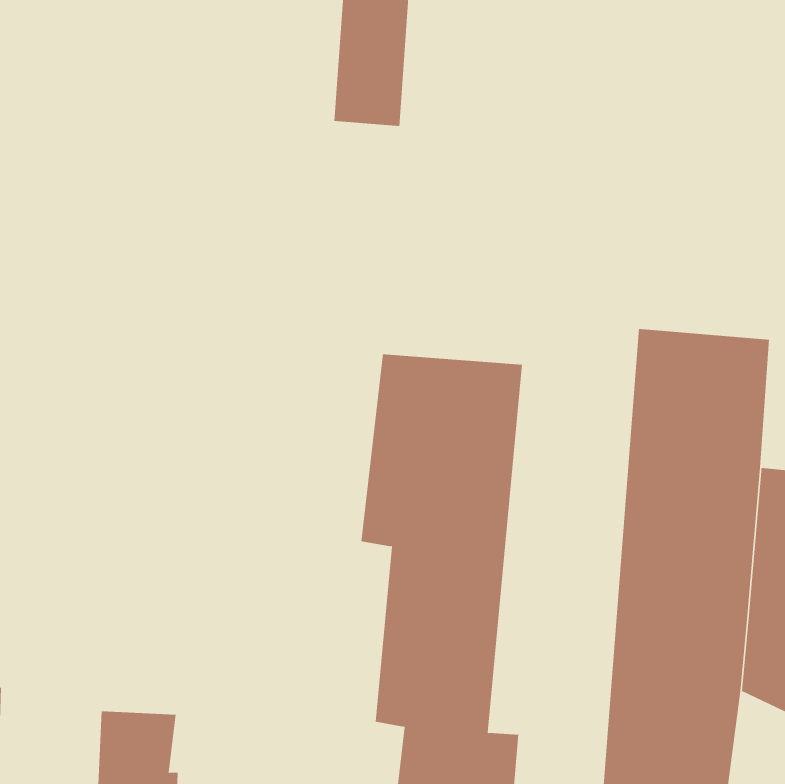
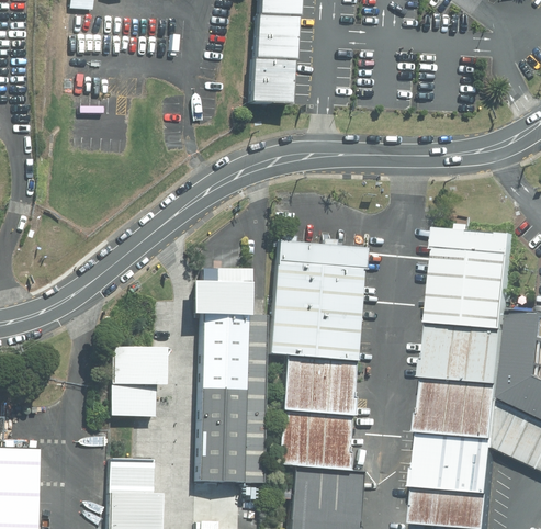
building: none -> [188,270,266,484]
building: none -> [111,347,161,417]

